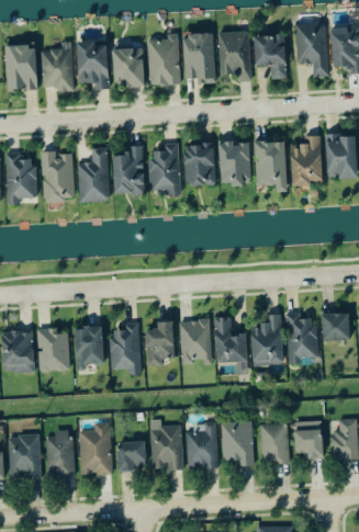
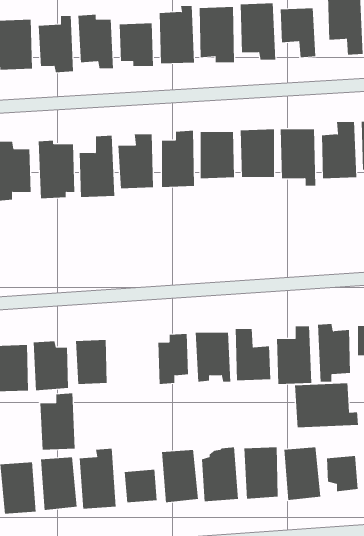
building: [110,321,142,372] -> [39,393,76,450]
building: none -> [294,383,358,428]

